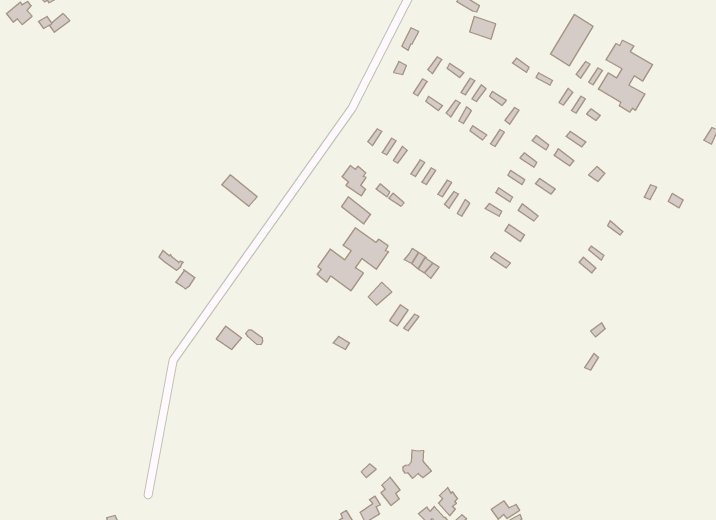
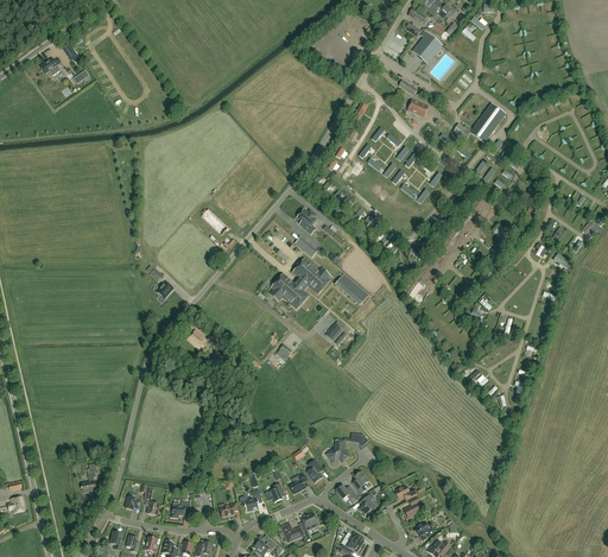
building: [598,40,653,112] -> none

